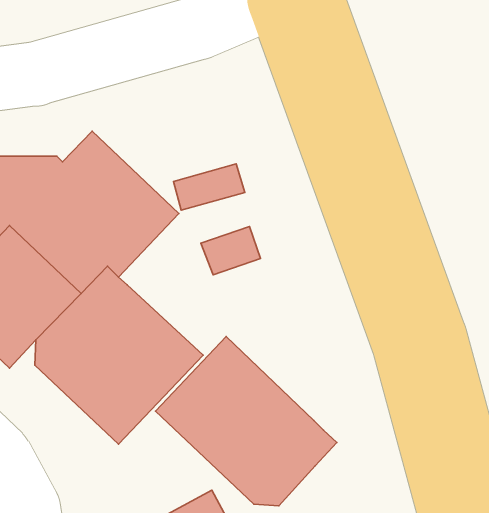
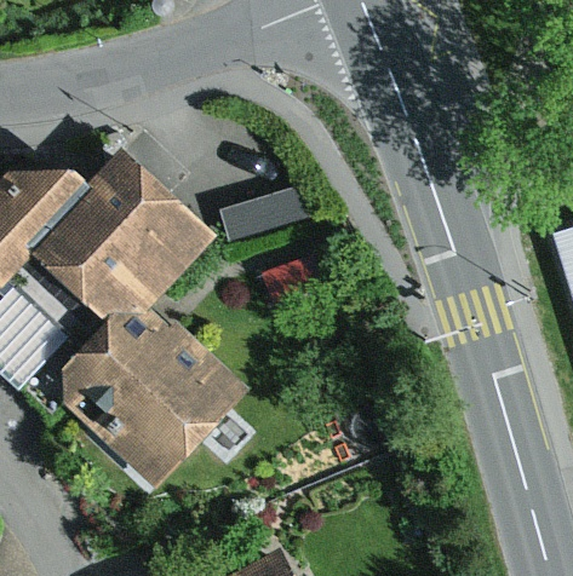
building: [156,336,337,506] -> none

